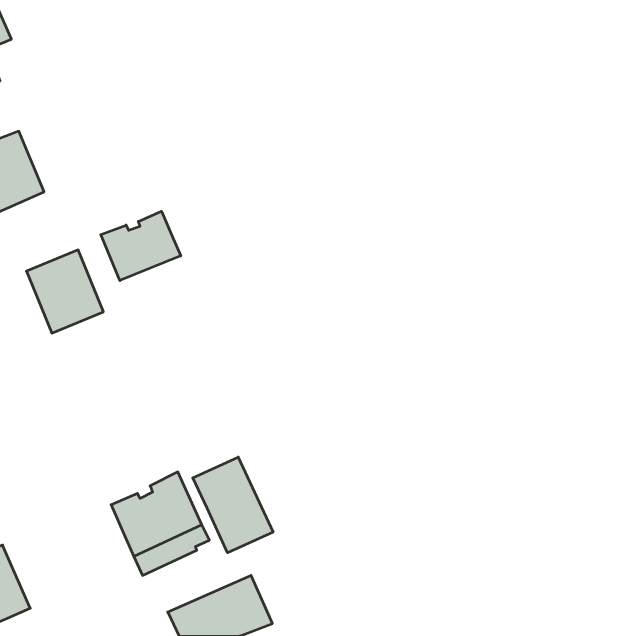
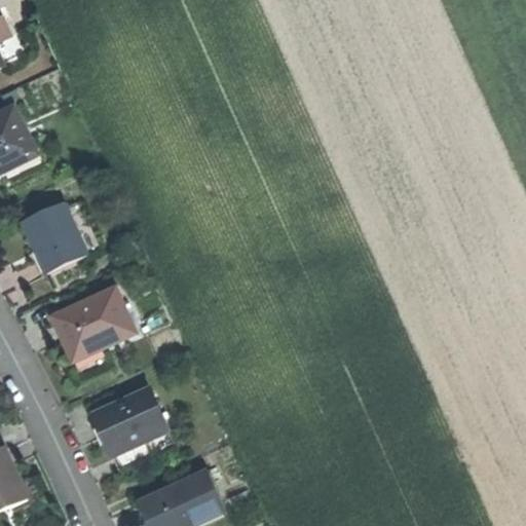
building: [101,211,181,281] -> none
building: none -> [52,287,134,361]
building: [193,457,273,553] -> none

